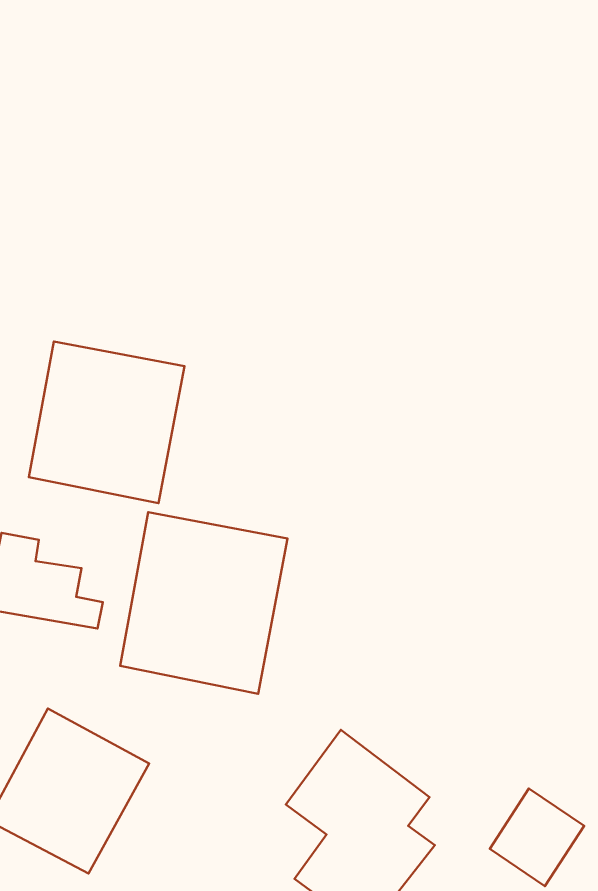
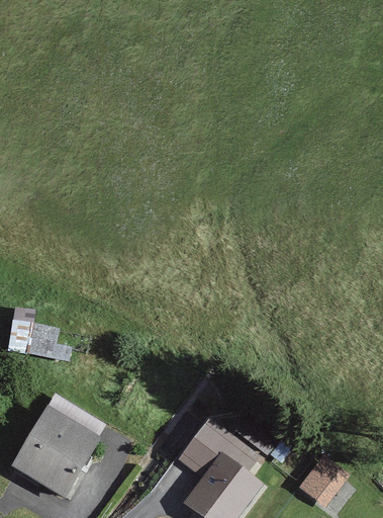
building: [29,342,185,503] -> none
building: [120,512,288,694] -> none

